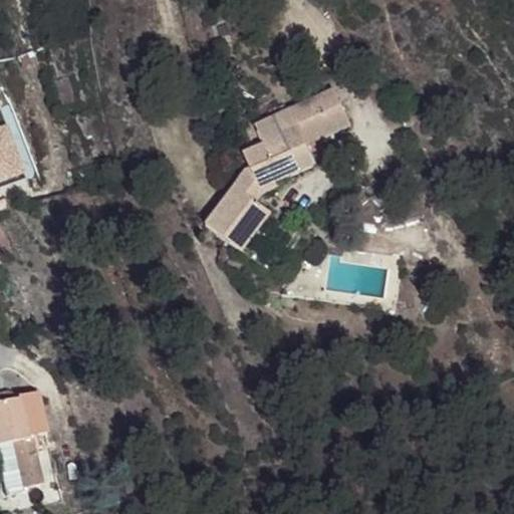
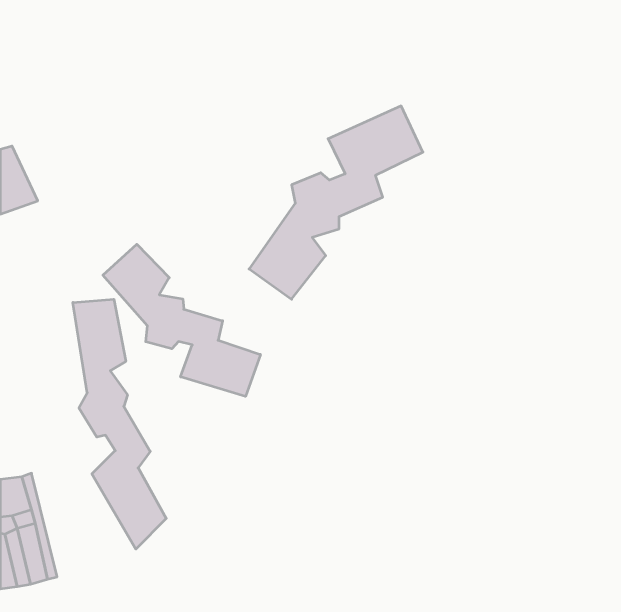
building: none -> [103,244,260,396]
building: none -> [73,299,166,549]

